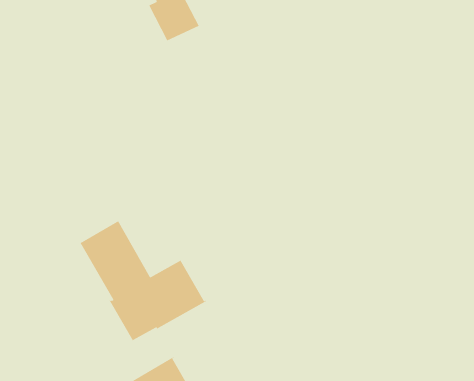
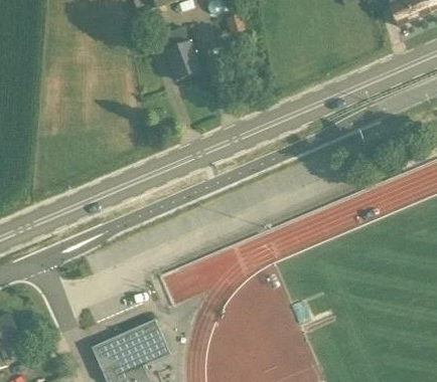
building: [80,220,207,343] -> none

